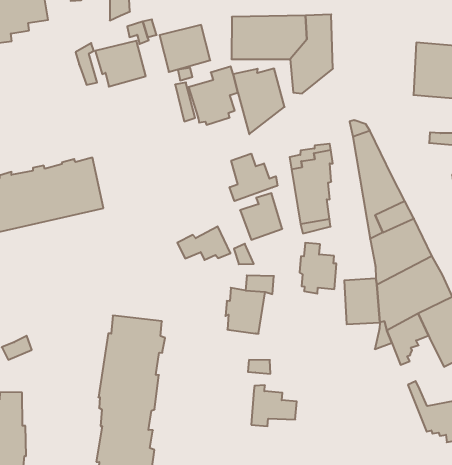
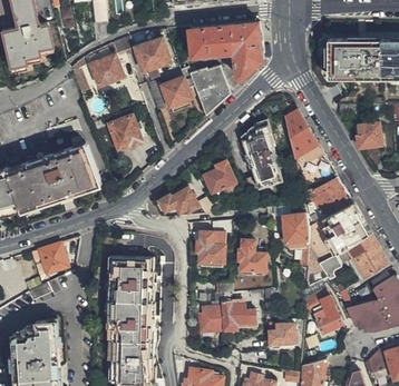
building: none -> [106,115,143,152]
building: [230,154,277,201] -> none
building: [300,243,336,294] -> [241,240,267,277]
building: none -> [38,243,68,274]
building: none -> [305,293,343,335]
building: none -> [200,306,224,333]
building: none -> [271,324,296,349]

